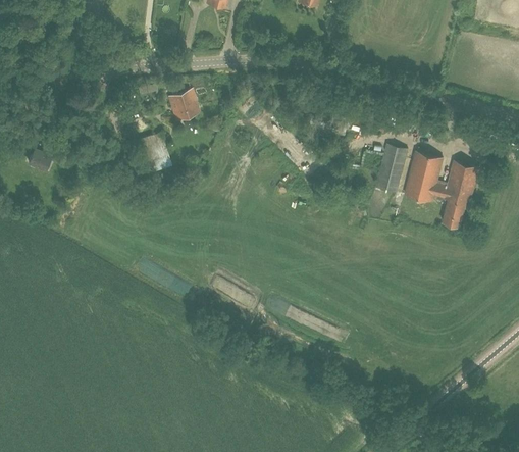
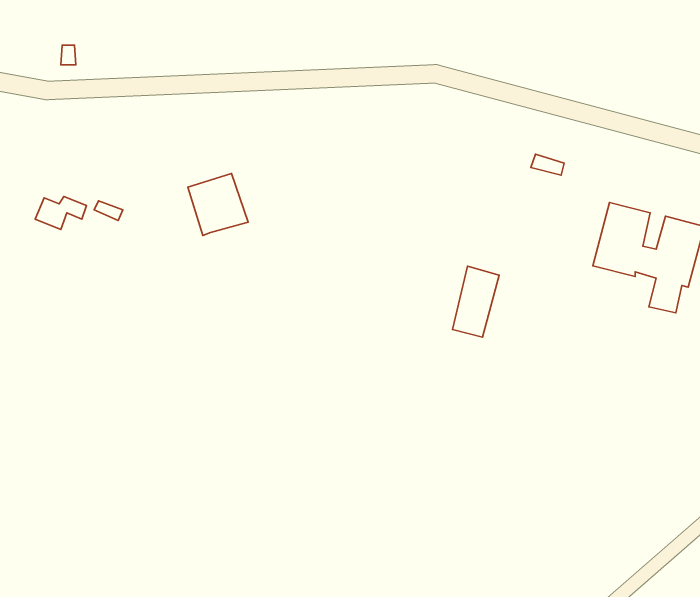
building: [168,89,200,121] -> none
building: [375,144,407,192] -> [452,266,499,337]

